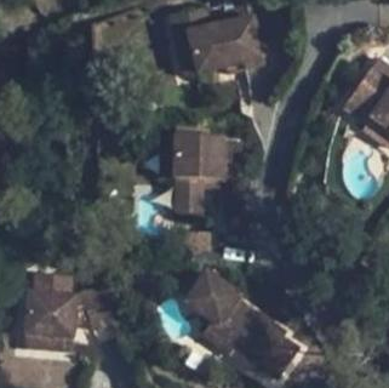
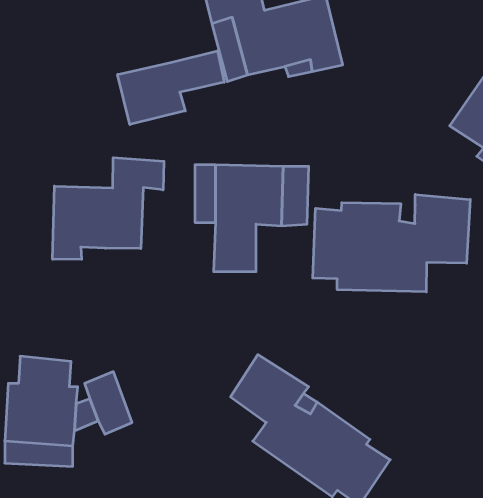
building: none -> [118,51,224,125]
building: none -> [53,158,164,259]
building: none -> [313,194,470,292]

